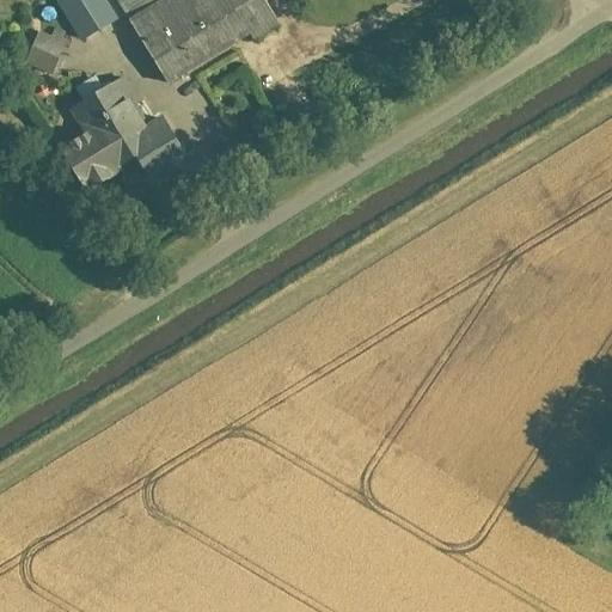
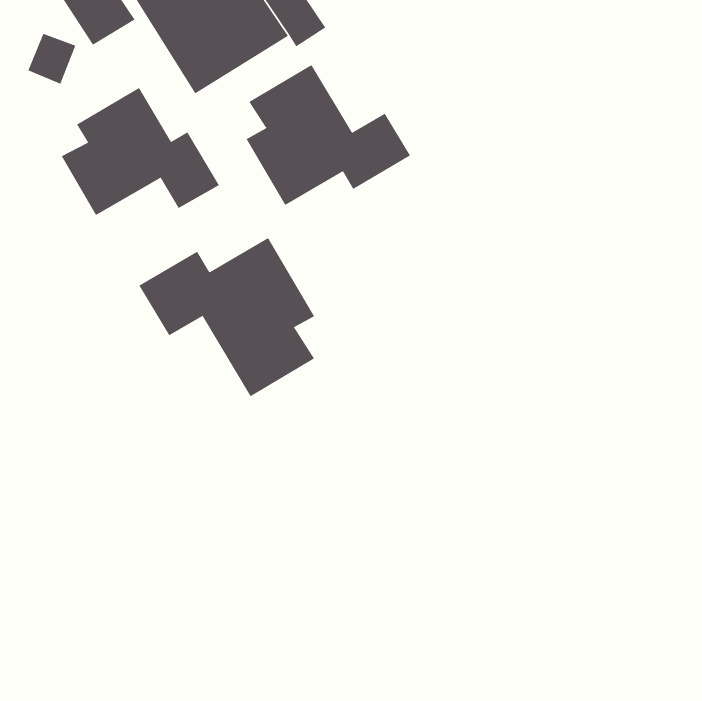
building: none -> [246,64,411,206]
building: none -> [138,237,315,397]

